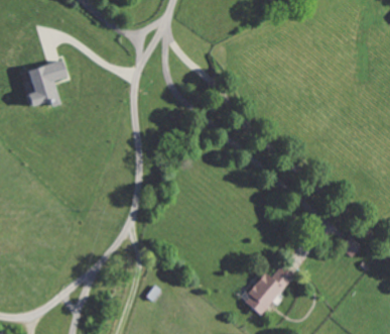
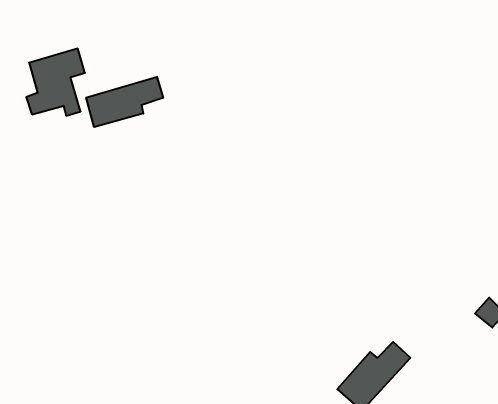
building: none -> [86,77,163,127]

